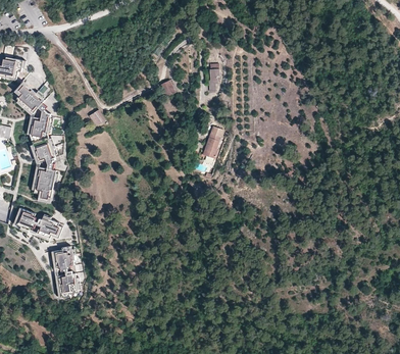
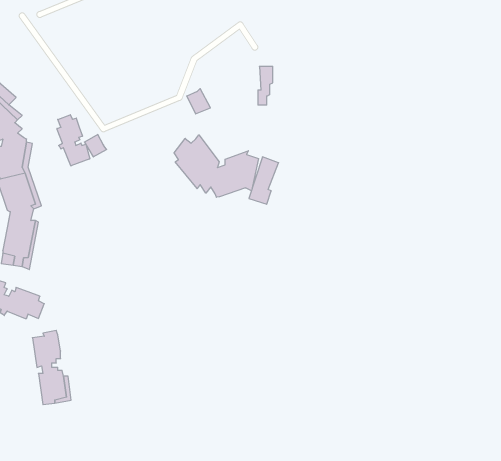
building: none -> [57,115,90,166]
building: none -> [174,135,259,197]

